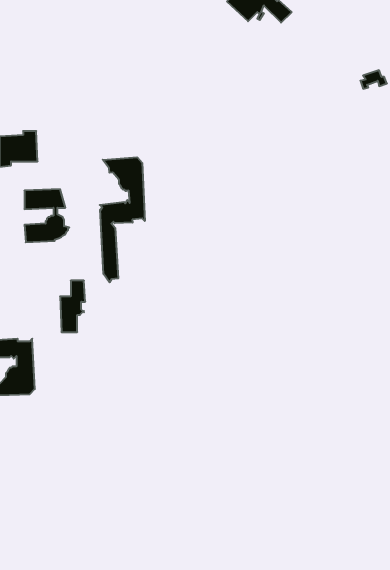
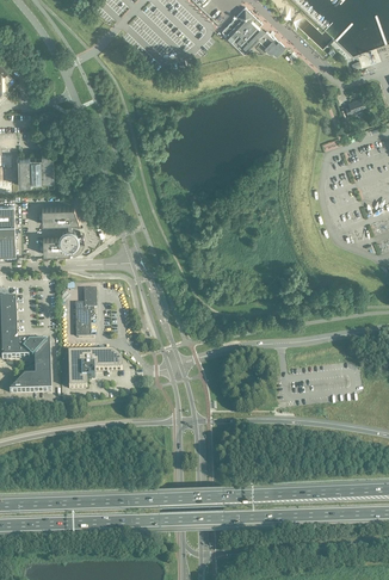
building: [100,157,145,282] -> none
building: none -> [68,350,122,385]

